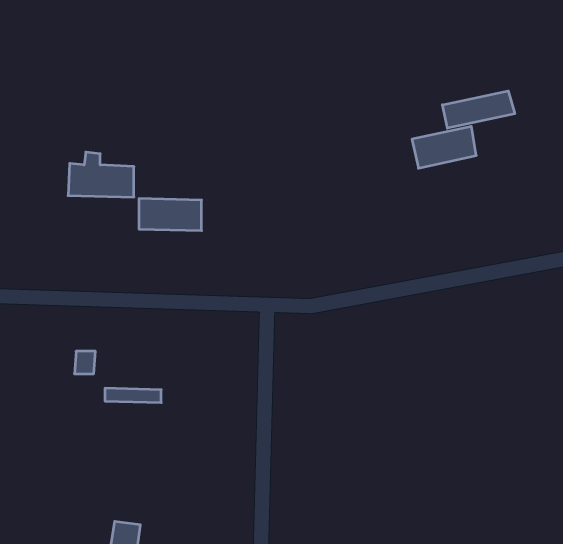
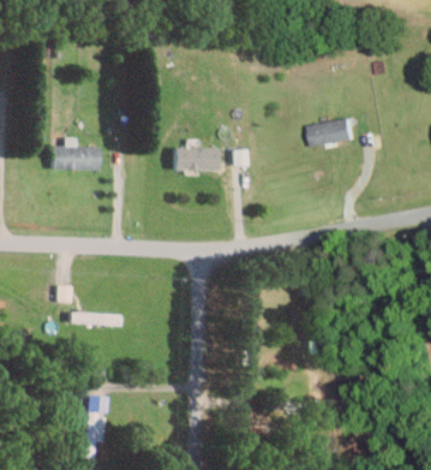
building: [442,91,515,128] -> none
building: [139,199,202,231] -> [174,147,221,171]

